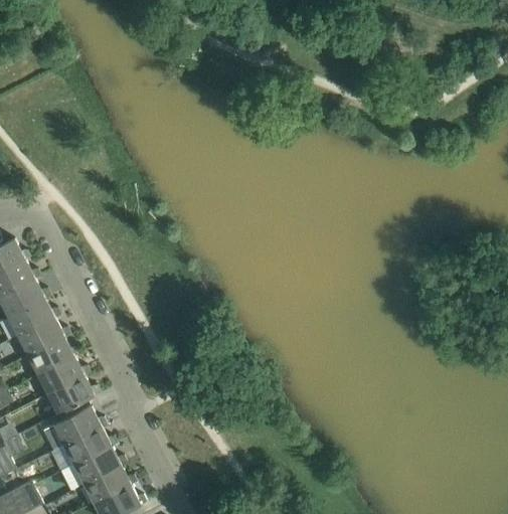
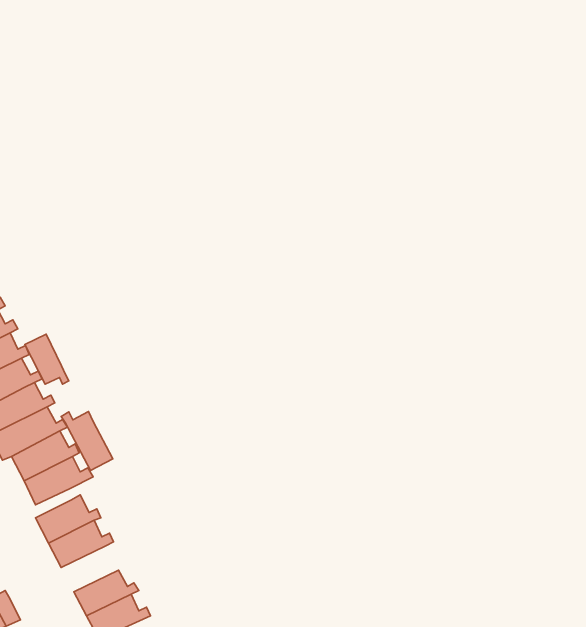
building: none -> [25,334,69,384]
building: none -> [61,412,113,471]
building: [73,448,125,484] -> none

